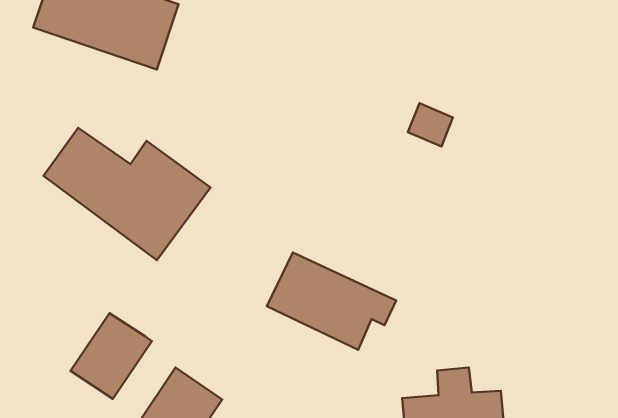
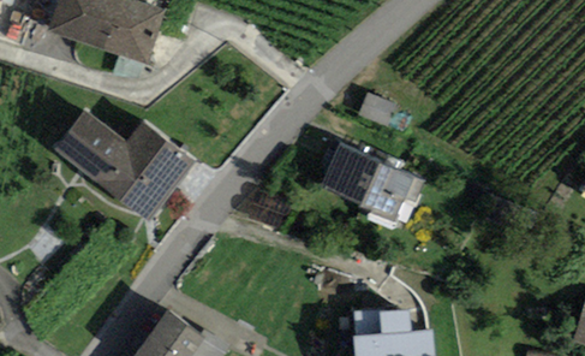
building: [267,252,396,350] -> [318,142,425,222]
building: [71,313,152,399] -> none

